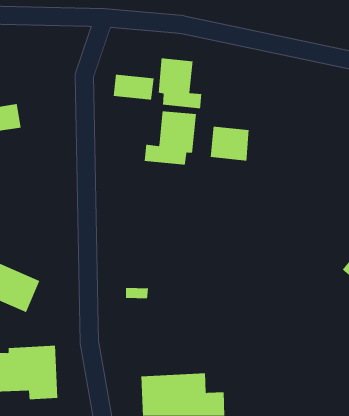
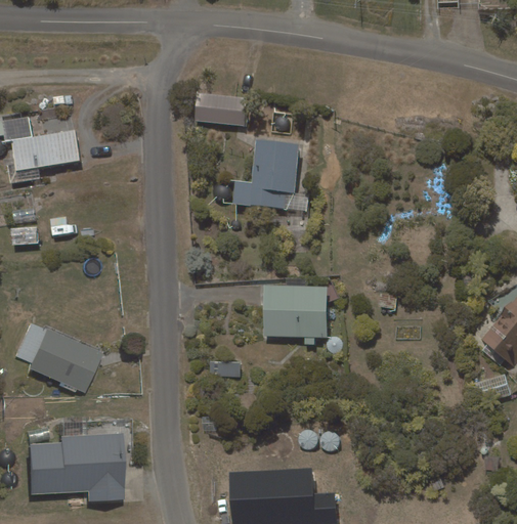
building: [158,58,202,109] -> none
building: [210,126,249,161] -> none
building: none -> [262,286,327,337]

